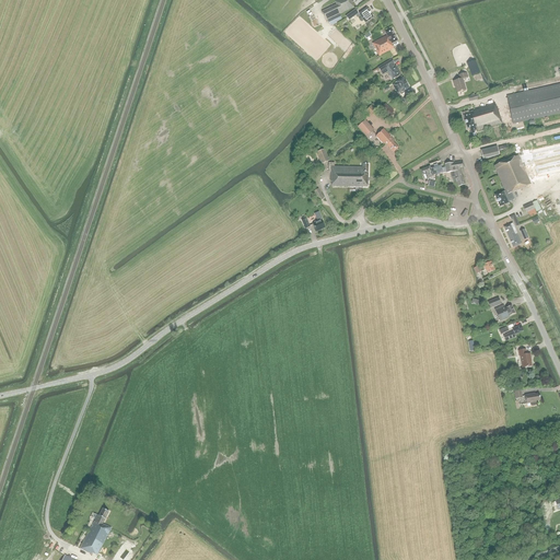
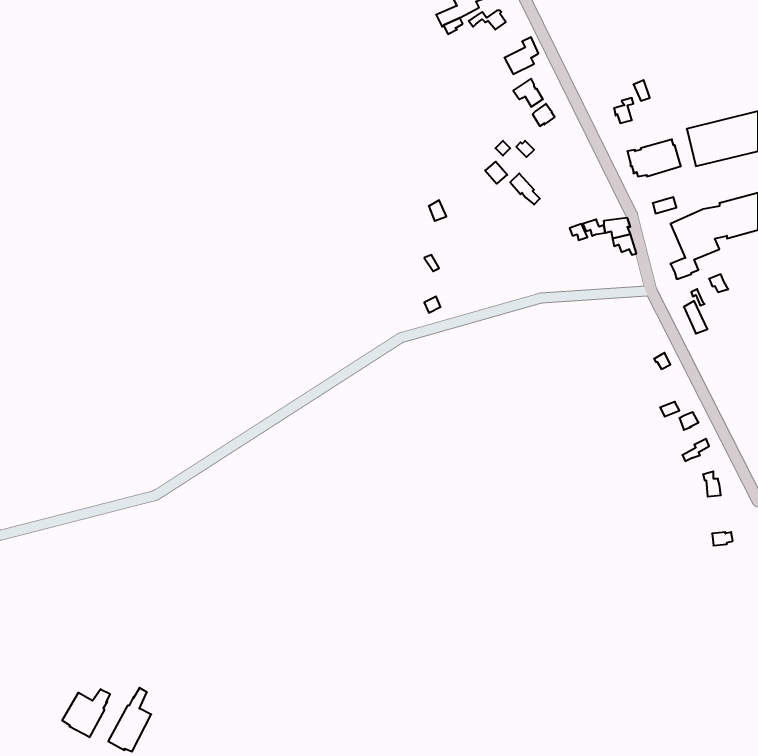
building: [328,162,369,186] -> none
building: none -> [62,689,110,737]

